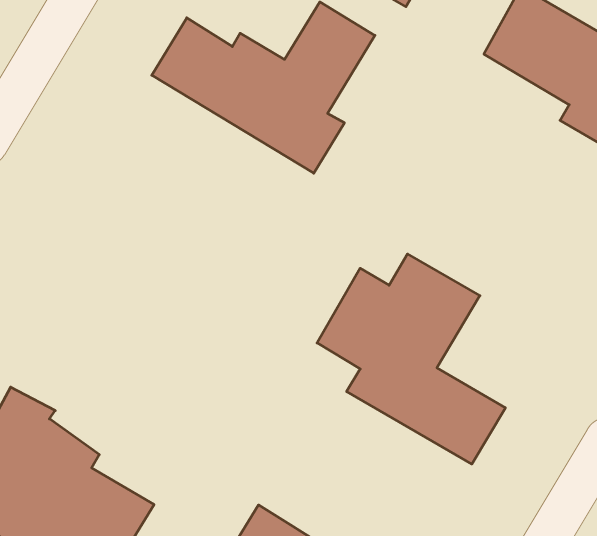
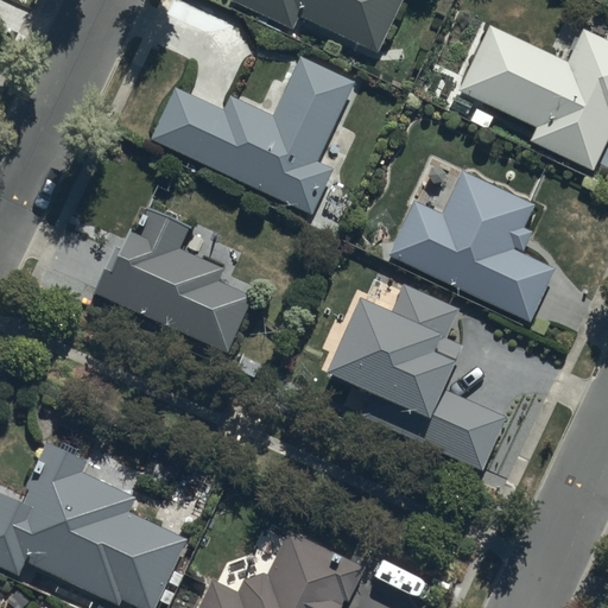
building: none -> [96,205,253,354]
building: none -> [387,175,553,321]

